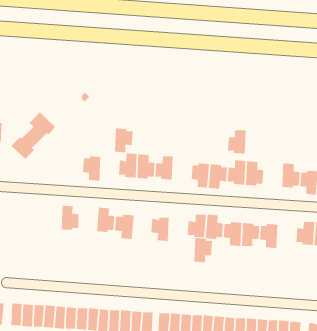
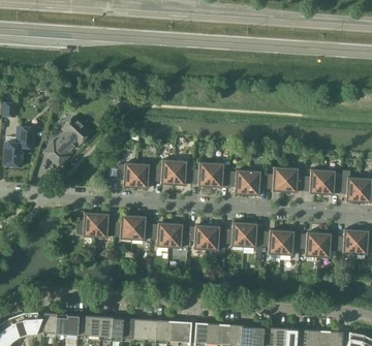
building: [114,128,133,153] -> [136,163,156,189]
building: [227,130,246,154] -> [304,169,323,194]
building: none -> [211,162,230,188]
building: none -> [78,212,97,238]
building: none -> [115,215,134,240]
building: none -> [169,223,189,248]
building: none -> [318,232,338,258]
building: [194,238,213,263] -> [207,225,226,251]

